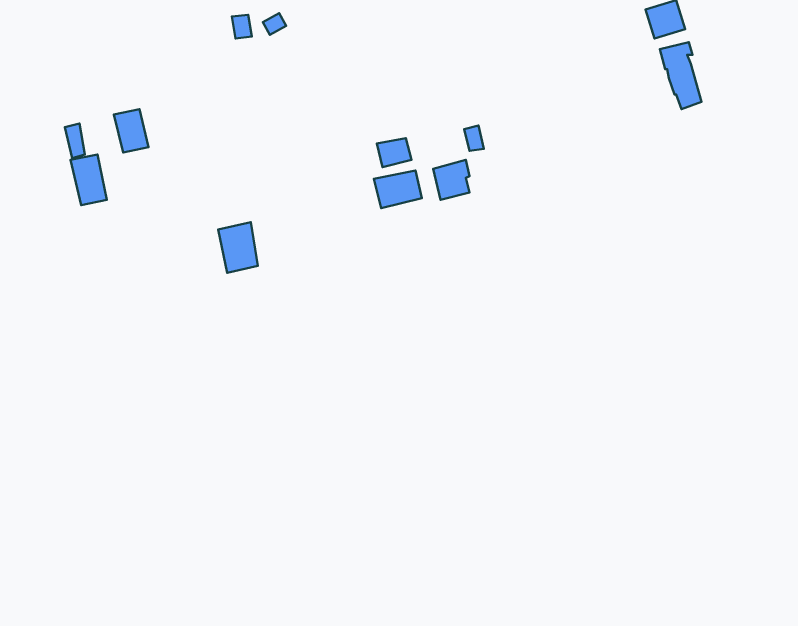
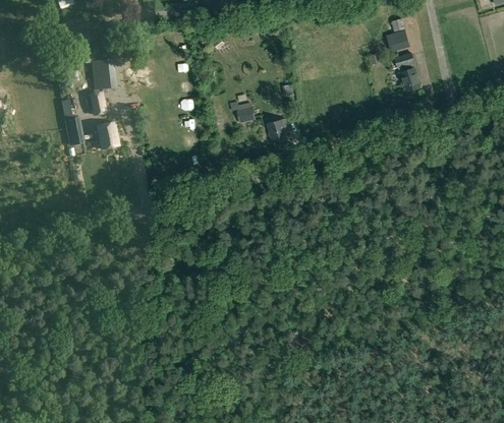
building: none -> [91,58,117,89]
building: [374,170,422,208] -> none
building: [218,222,258,273] -> [97,120,119,148]

